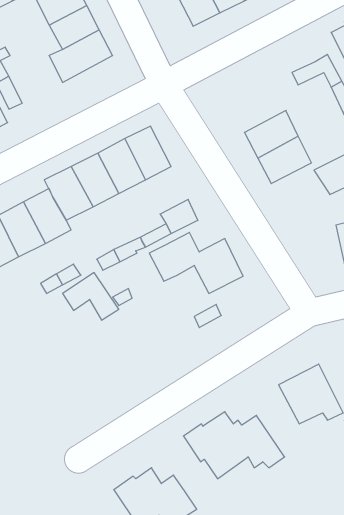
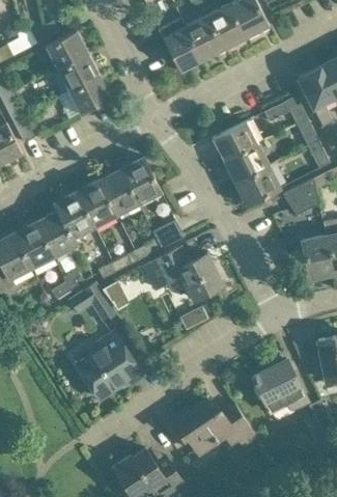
building: none -> [212,121,258,163]
building: none -> [78,333,140,399]

